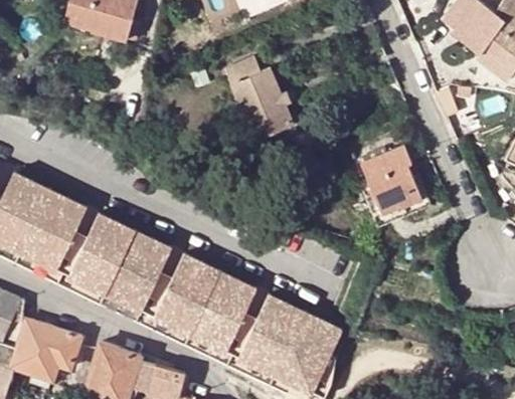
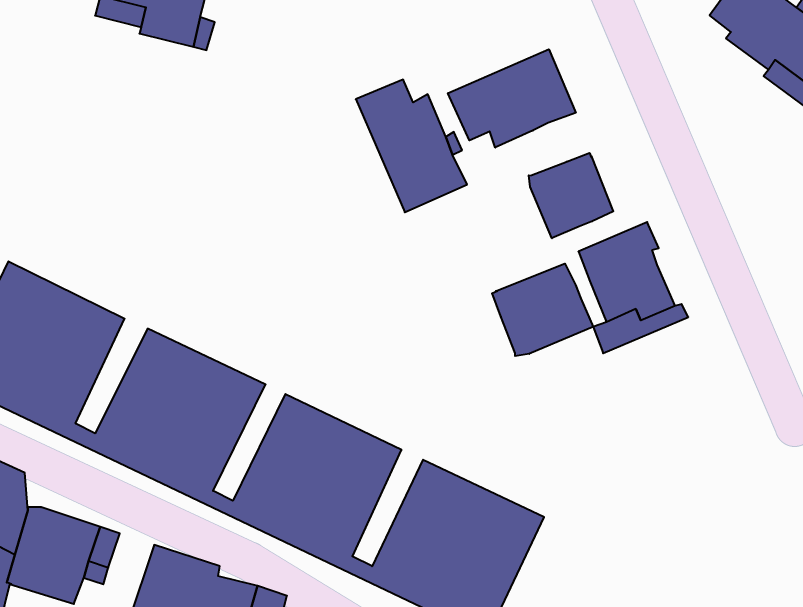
building: none -> [448,49,576,148]
building: none -> [529,153,613,238]
building: none -> [492,264,593,356]

